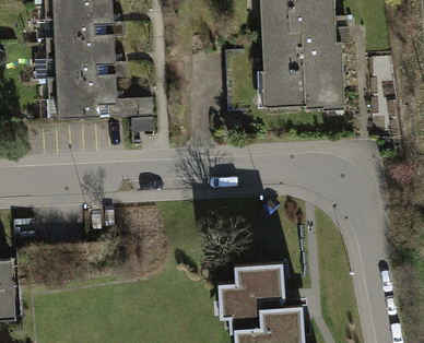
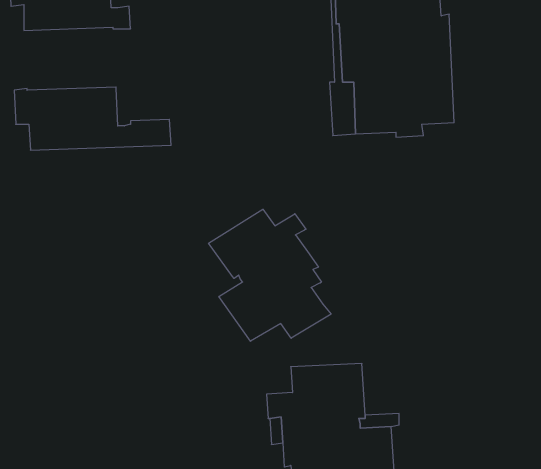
building: [46,36,128,79] -> none
building: none -> [209,209,331,341]

